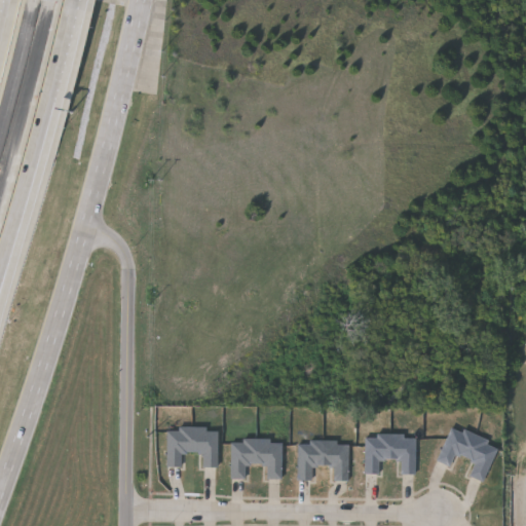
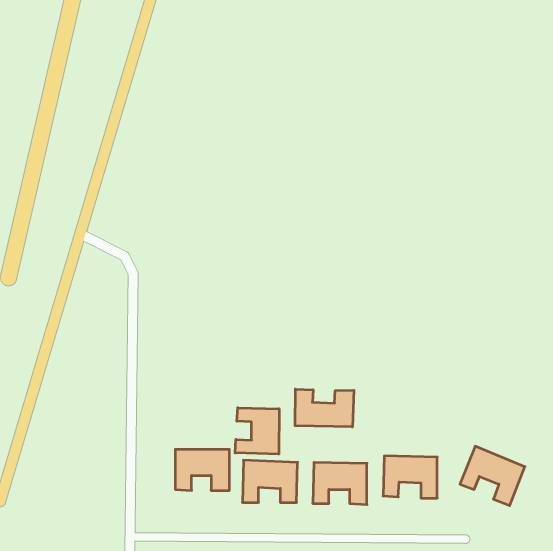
building: none -> [295,389,354,427]
building: none -> [235,408,279,454]

